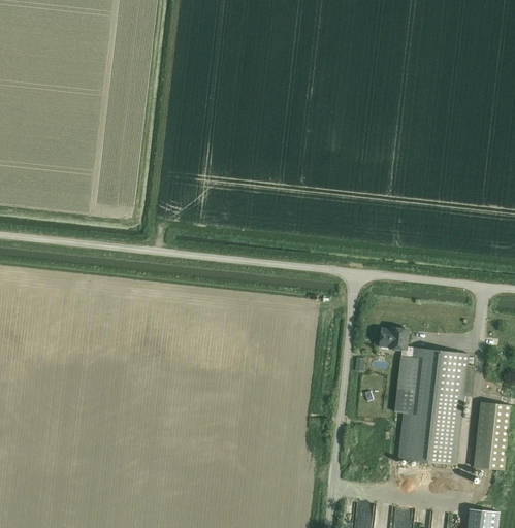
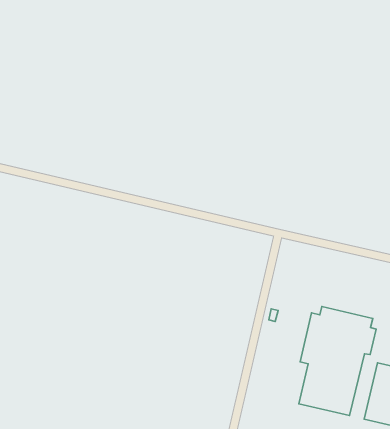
building: [376,328,408,357] -> none

